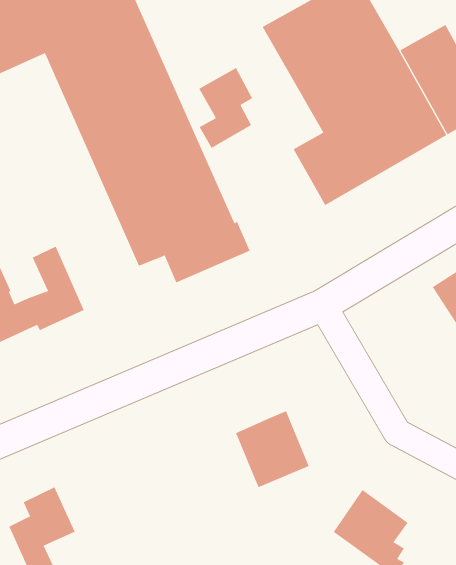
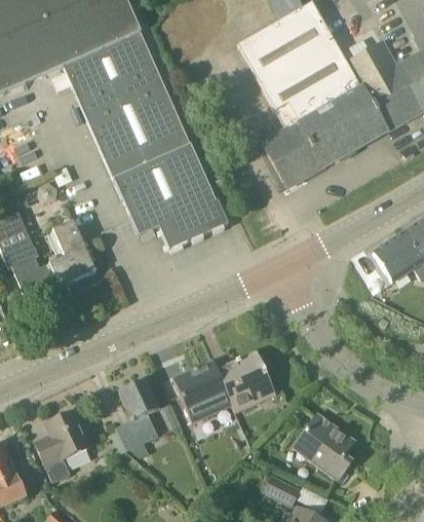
building: [199,67,253,149] -> none
building: none -> [172,361,231,421]
building: none -> [115,378,159,456]

